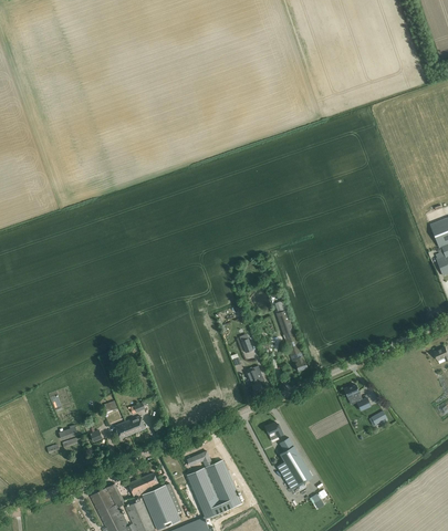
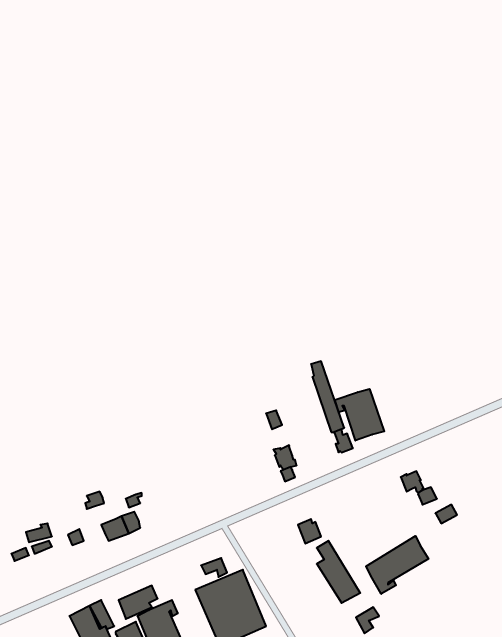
building: none -> [335,389,384,441]
building: none -> [366,536,428,594]

